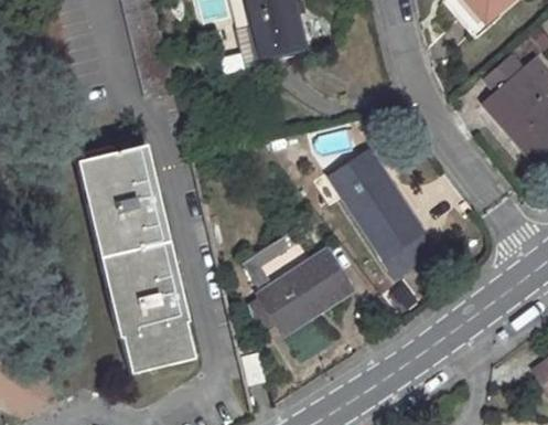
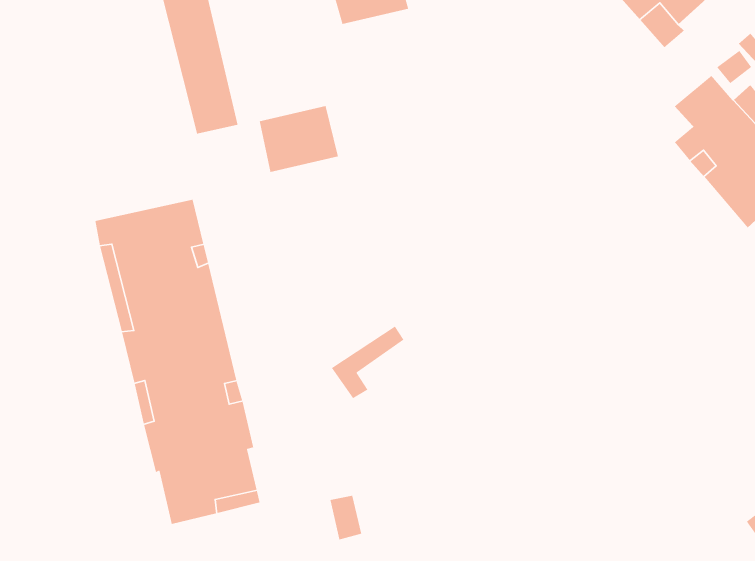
building: [250,10,307,57] -> [259,105,339,173]
building: [331,150,434,278] -> none
building: [250,248,352,333] -> none

